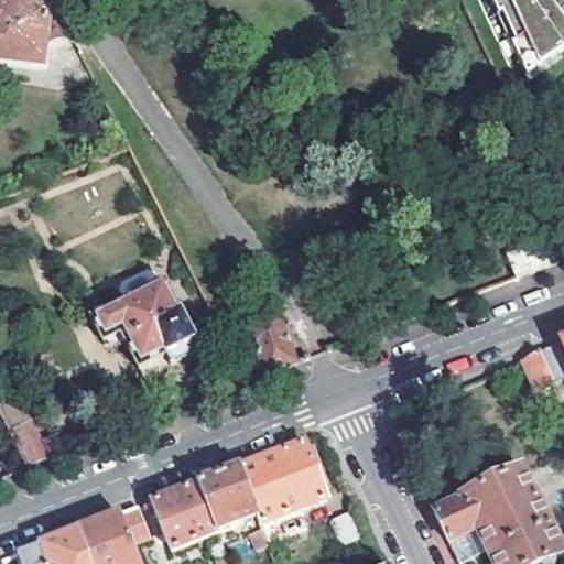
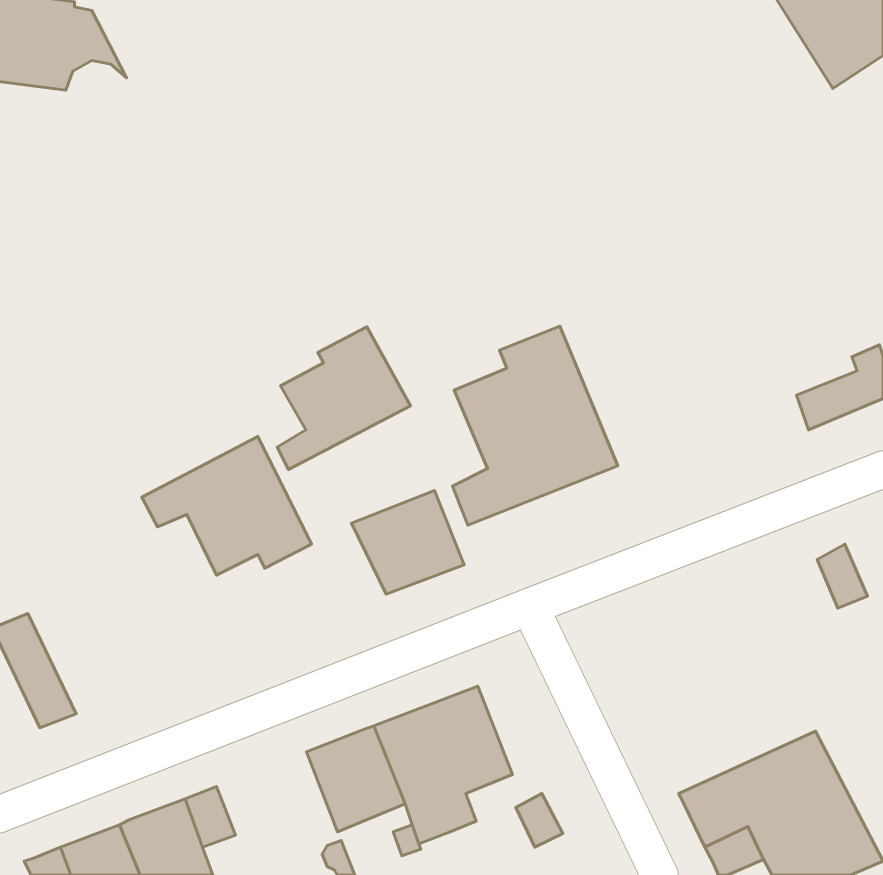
building: none -> [453,326,618,525]
building: none -> [277,327,411,470]
building: [151,478,215,544] -> none

